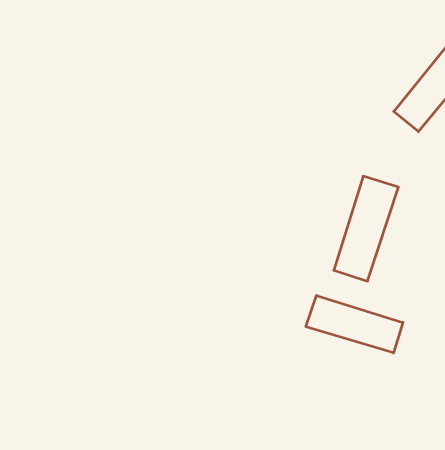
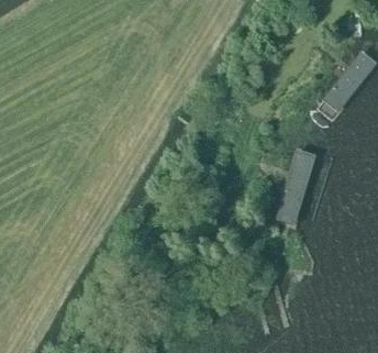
building: [306,295,403,353] -> none

